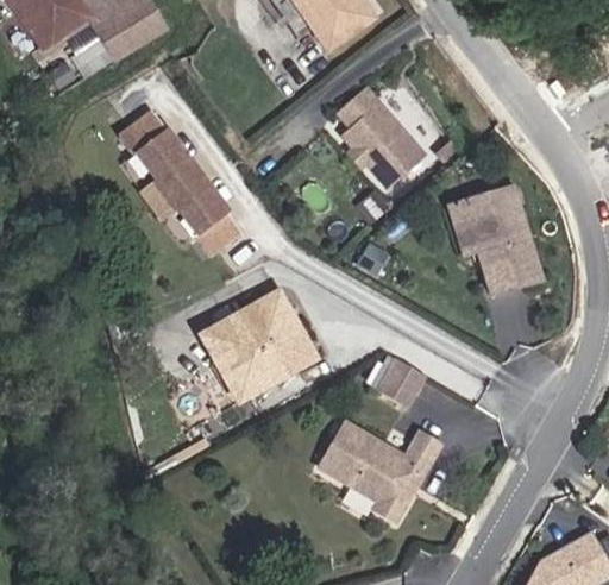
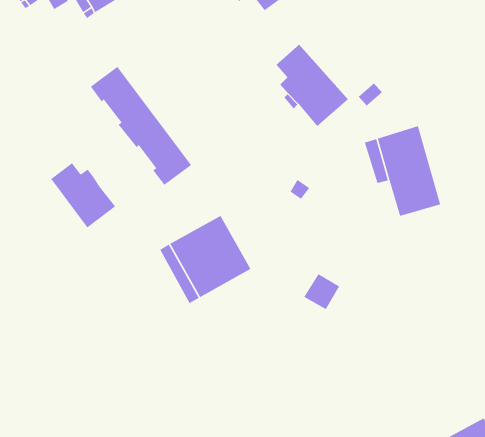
building: none -> [50,162,116,229]
building: [319,420,439,517] -> none

